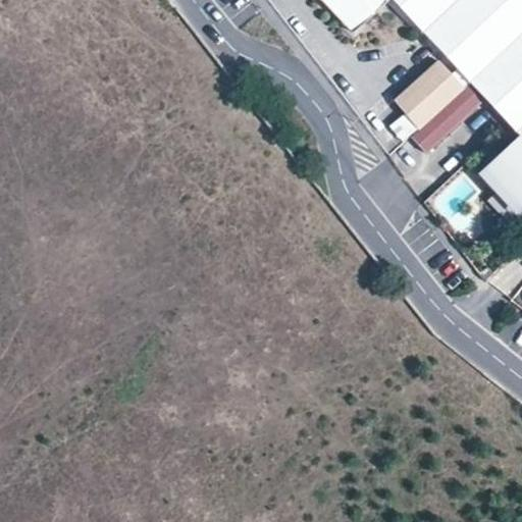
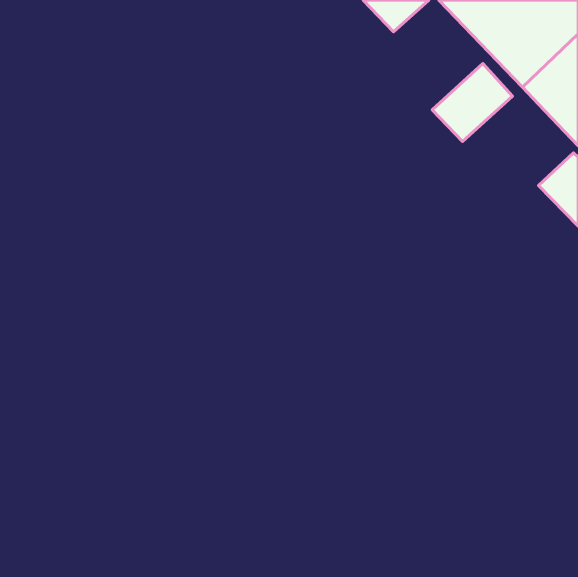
building: [409,80,485,150] -> none

